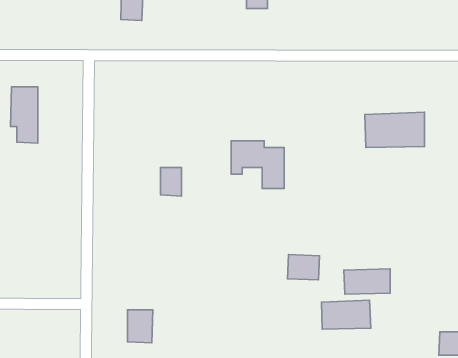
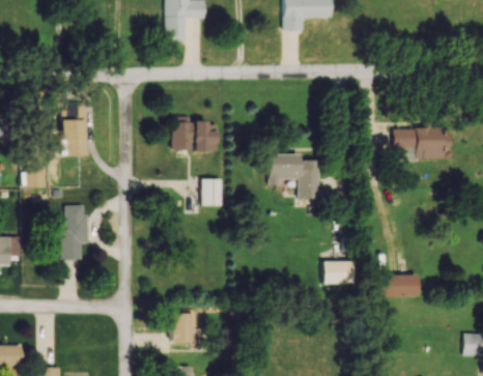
building: none -> [172,117,217,152]
building: none -> [60,205,89,260]
building: [321,300,371,329] -> none

